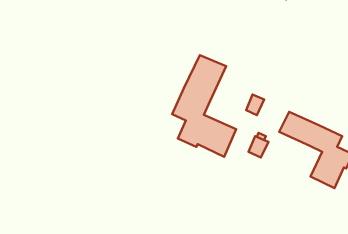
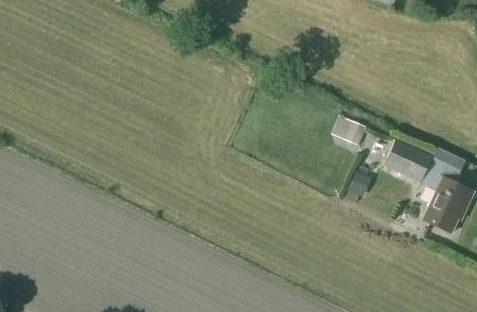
building: [172,55,236,157] -> none

